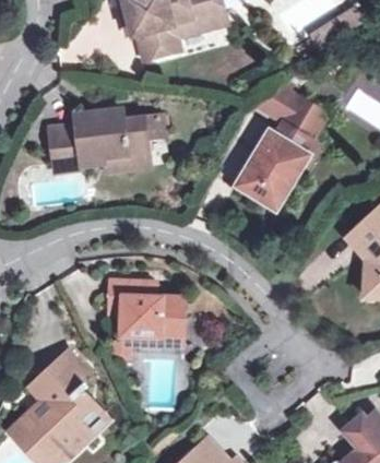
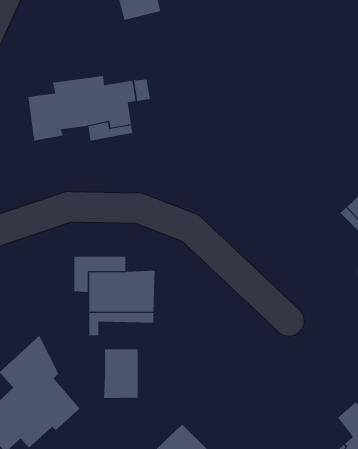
building: [238,96,325,210] -> none
building: none -> [104,348,138,399]

